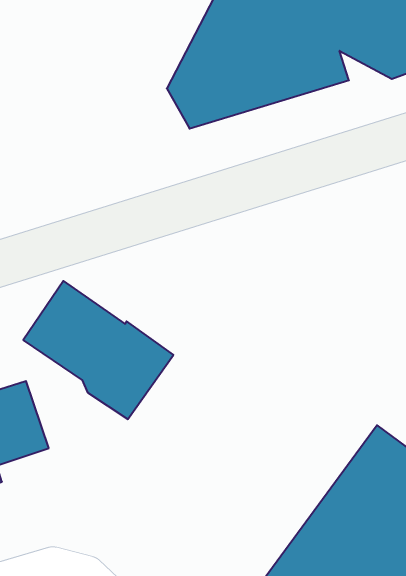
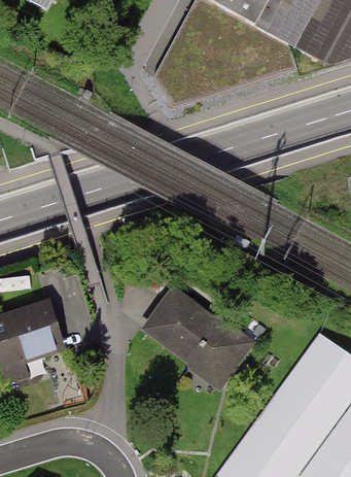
building: [23,281,173,419] -> [142,285,257,391]

